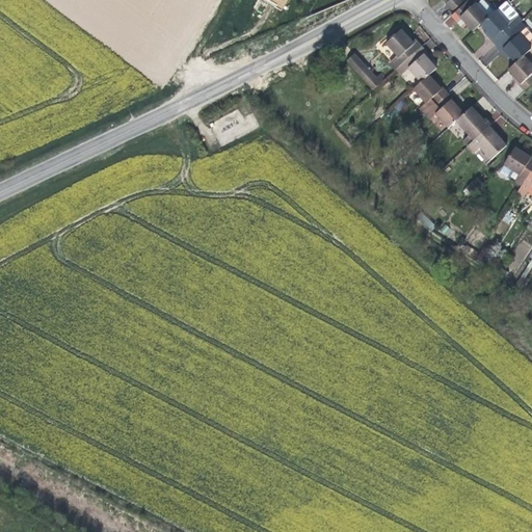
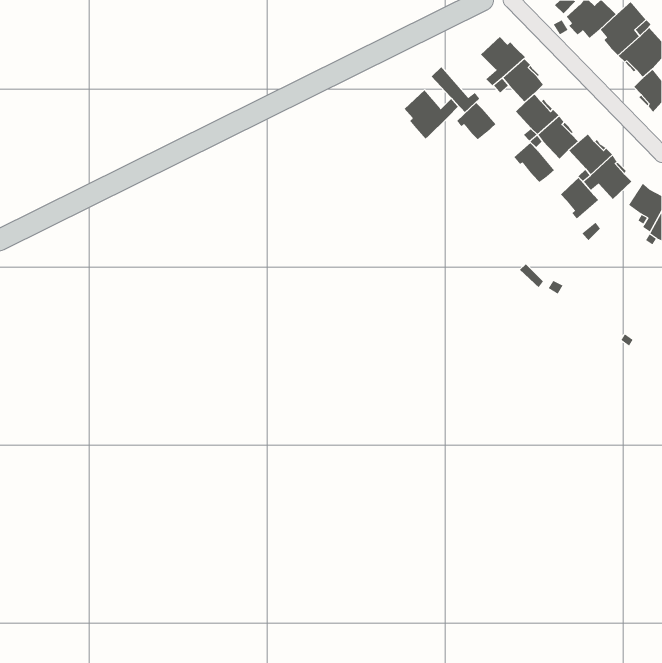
building: none -> [404,90,459,140]
building: none -> [456,102,496,140]
building: none -> [514,142,555,183]
building: none -> [560,177,599,220]

